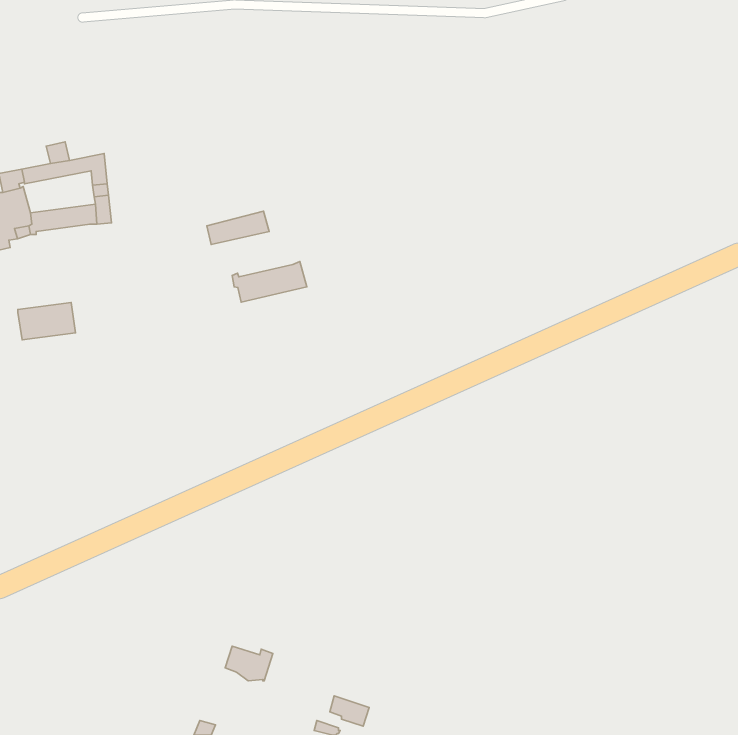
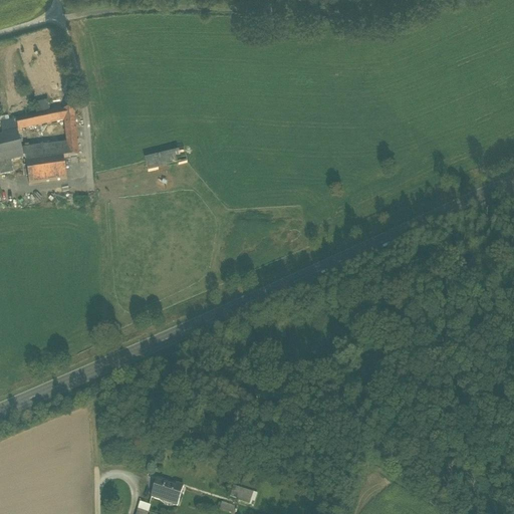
building: [232,262,307,302] -> none
building: [18,302,76,340] -> [25,156,65,182]
building: [225,646,273,681] -> [150,479,183,503]

